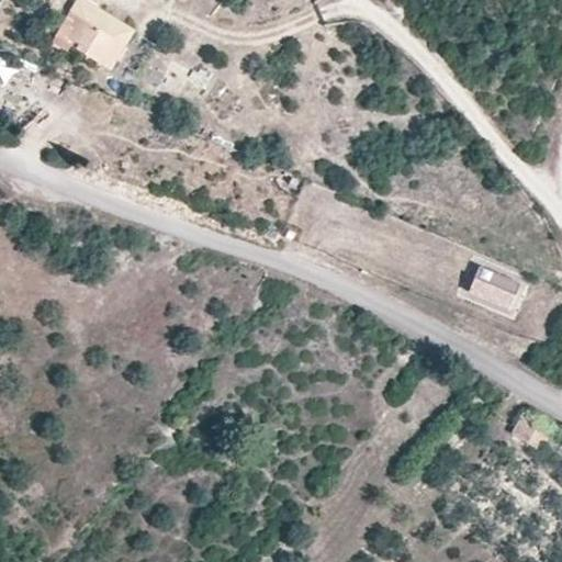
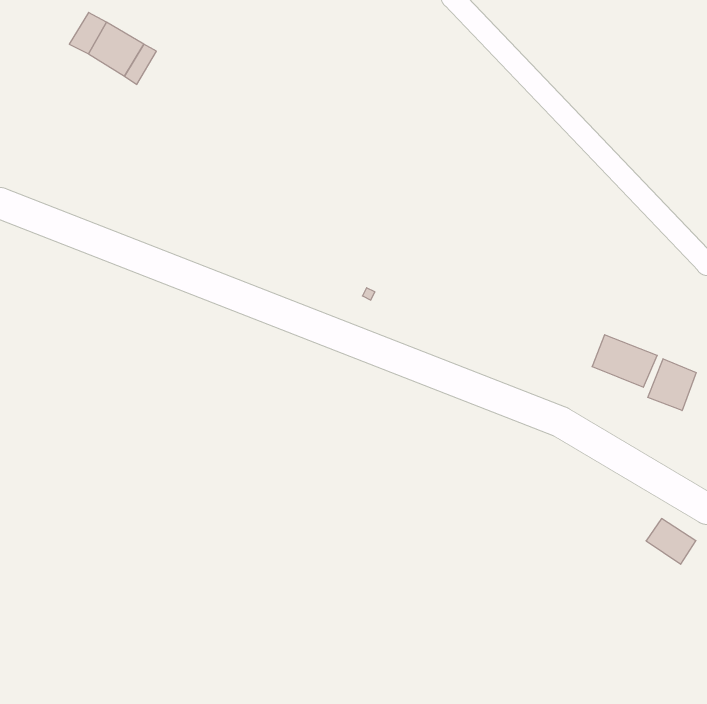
building: none -> [648,359,696,411]

